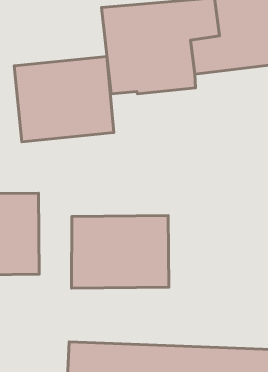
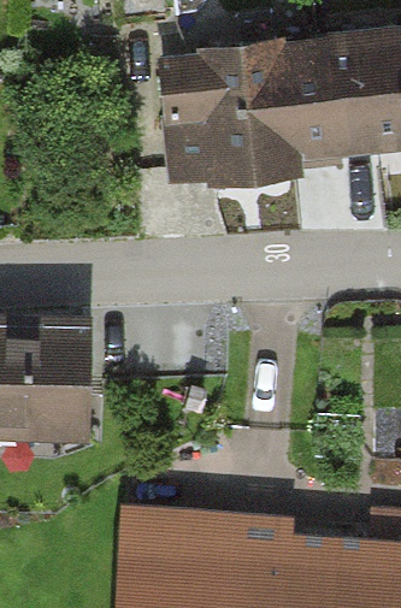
building: [14,56,114,142] -> none
building: [72,215,169,288] -> none

